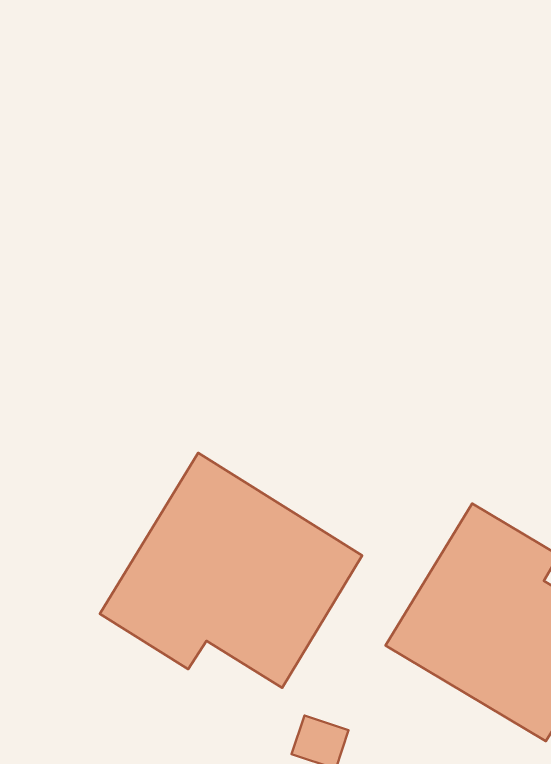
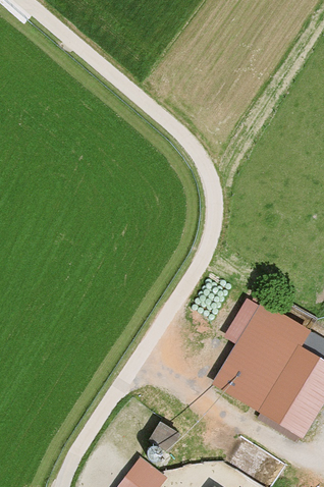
building: [100,453,362,688] -> none

